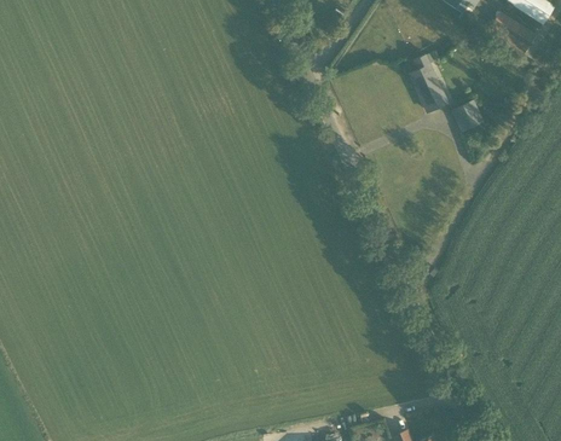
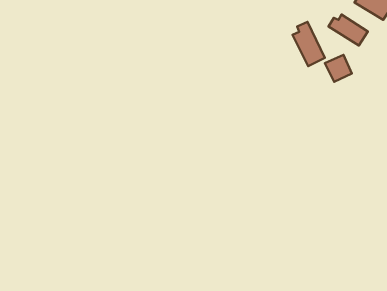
building: none -> [329,14,368,46]

